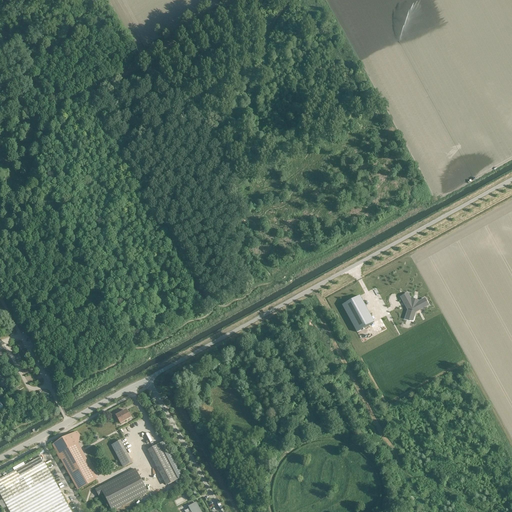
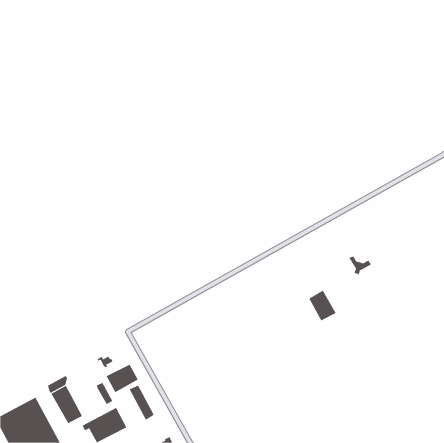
building: [341,294,373,330] -> [309,290,336,321]
building: none -> [106,364,139,393]

